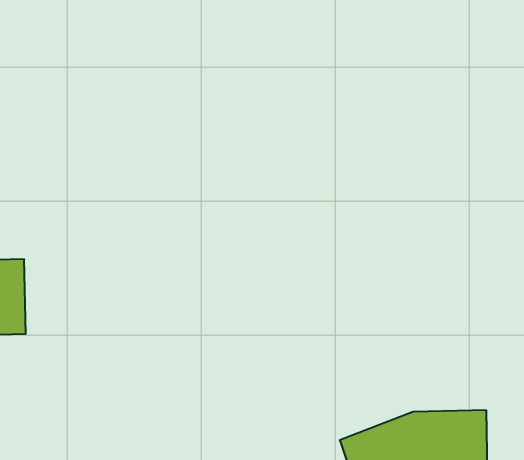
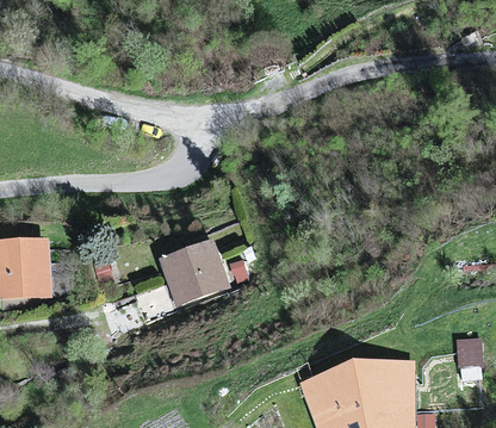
building: none -> [157,242,225,308]

